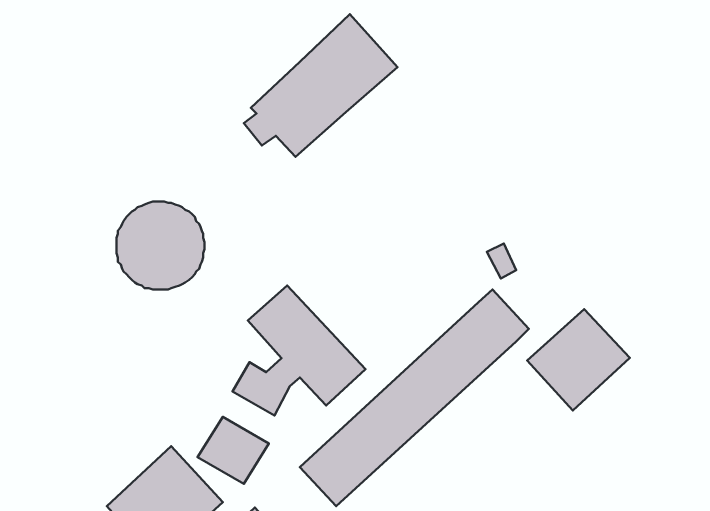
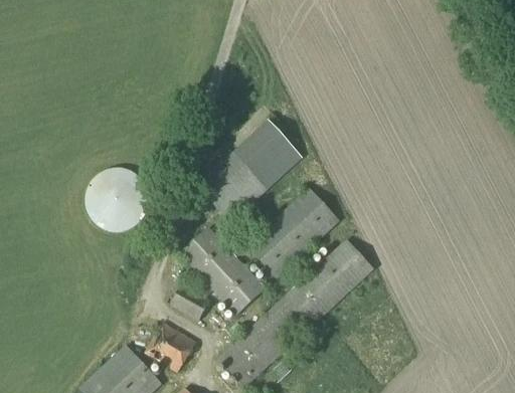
building: [244,14,398,157] -> [193,119,304,221]
building: none -> [247,188,339,276]
building: [527,309,630,411] -> none

